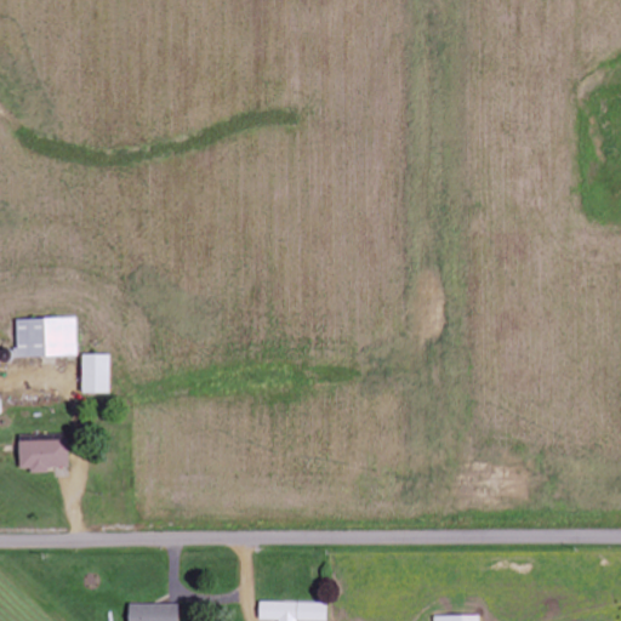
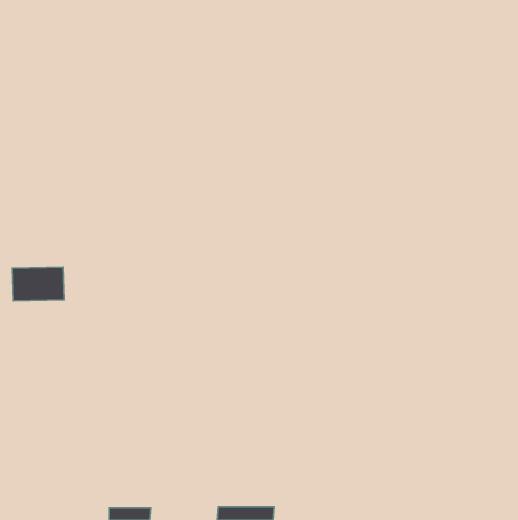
building: [82,354,109,393] -> none
building: [18,435,68,473] -> none

